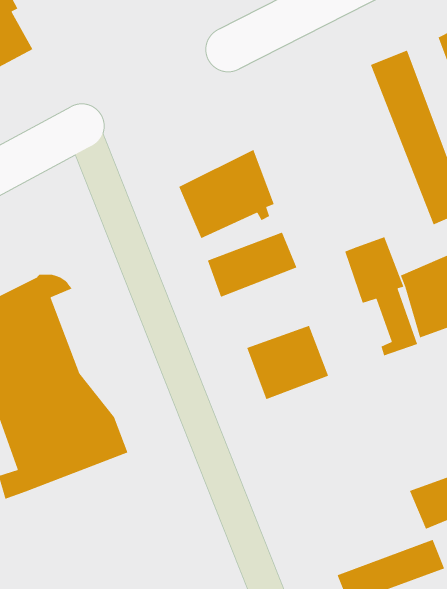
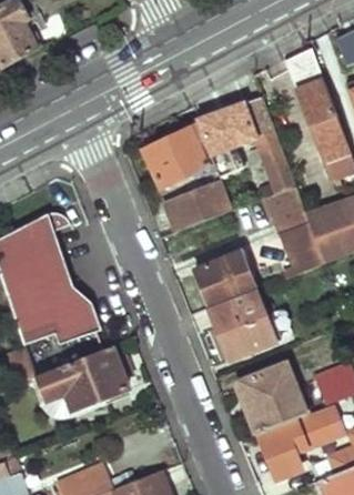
building: none -> [199,95,296,194]
building: none -> [209,290,274,358]
building: none -> [32,345,131,408]
building: none -> [236,360,306,432]

